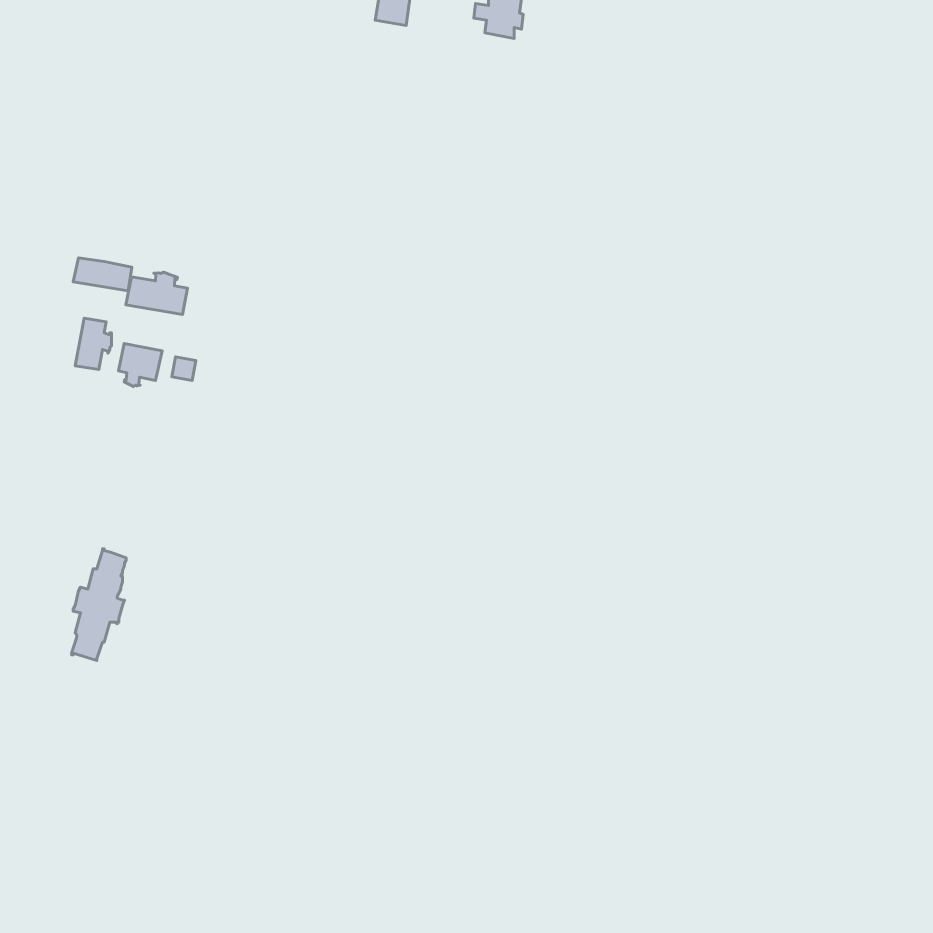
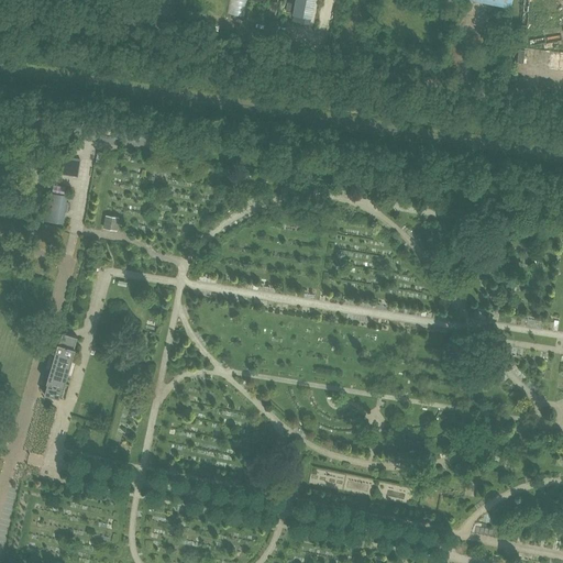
building: [126,272,188,314] -> none
building: [118,343,162,387] -> none

